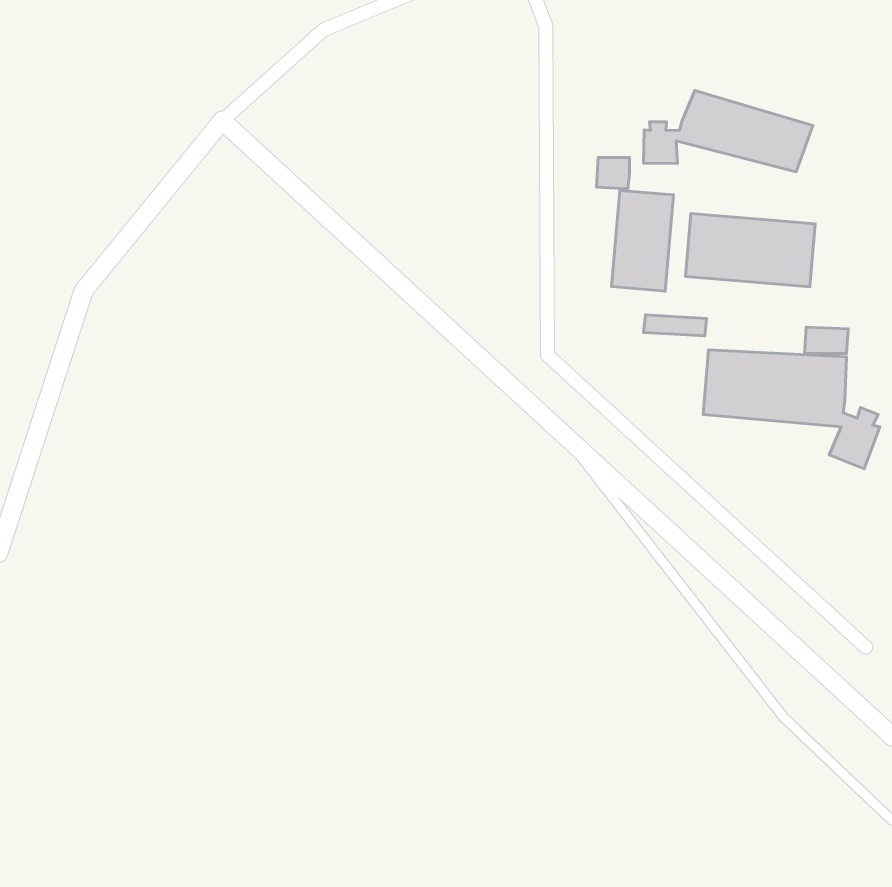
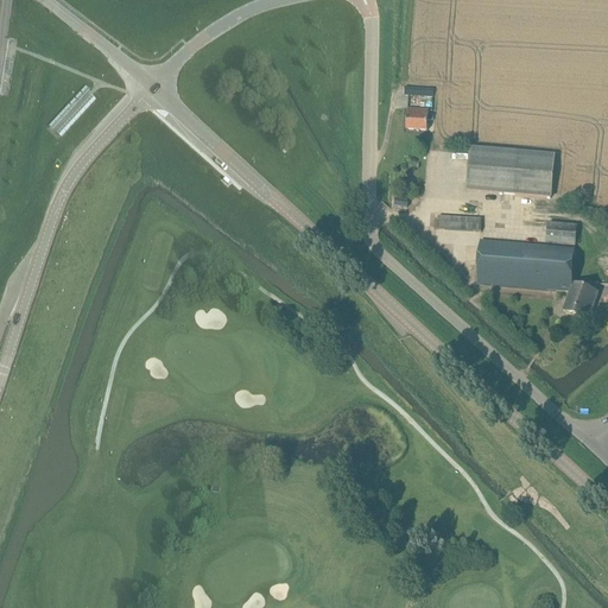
building: [644,91,813,172] -> none
building: [612,190,673,291] -> none

